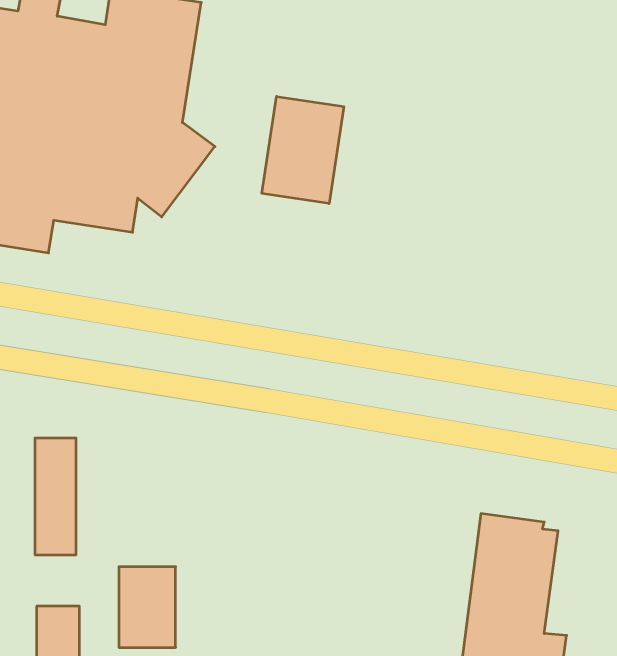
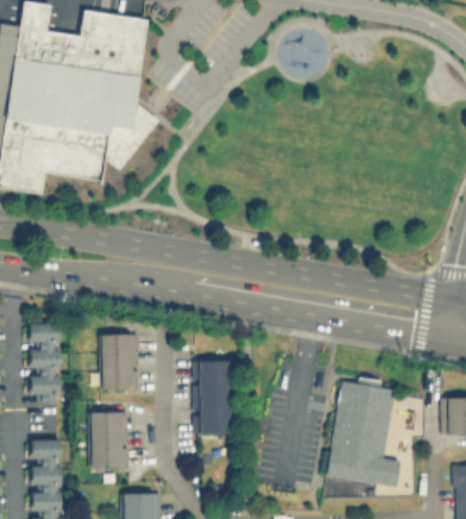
building: [262,96,344,204] -> none
building: none -> [100,333,139,389]
building: none -> [193,359,232,434]

